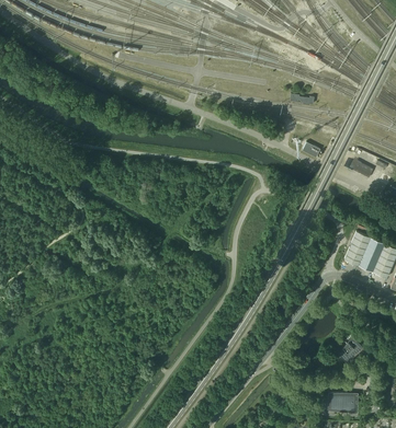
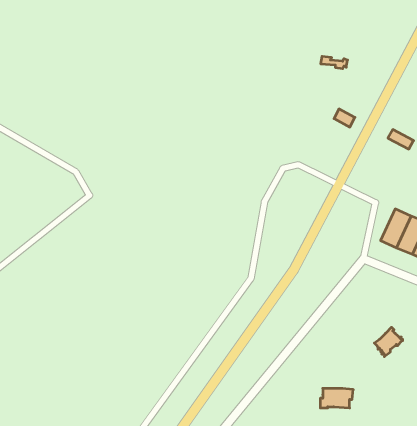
building: [329,393,359,410] -> [320,388,353,408]

